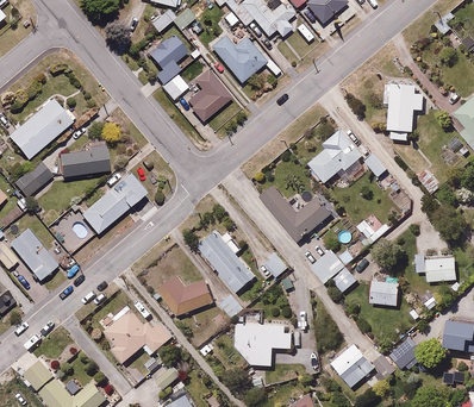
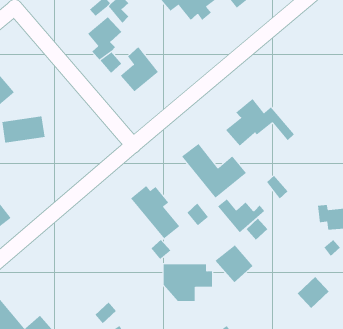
building: [208,36,267,83] -> none
building: [382,83,422,142] -> none
building: [77,165,146,234] -> none
building: [158,274,214,320] -> none
building: [368,280,400,306] -> none
building: [98,306,174,367] -> none
building: [330,342,375,387] -> [215,244,253,283]

